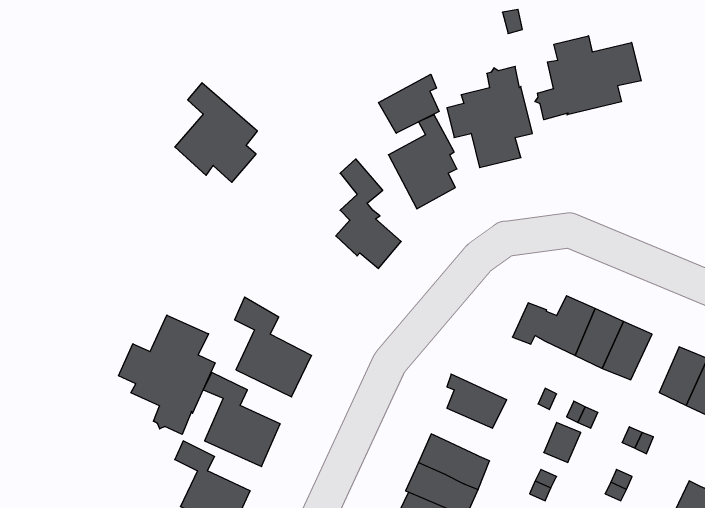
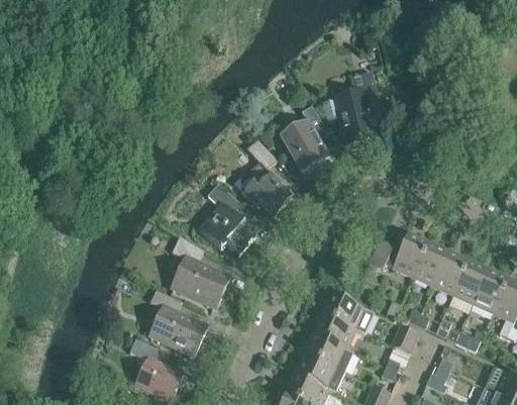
building: [535,36,641,120] -> none
building: [379,74,439,133] -> none
building: [175,83,257,182] -> [199,184,257,255]
building: [119,315,215,434] -> none
building: none -> [453,263,488,304]
building: none -> [314,315,355,349]

